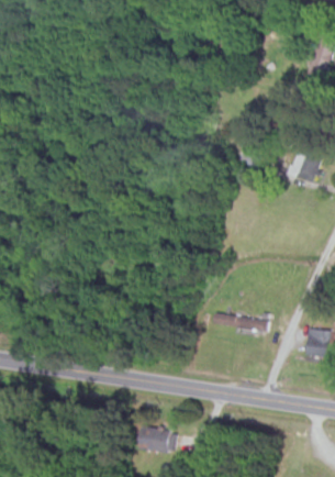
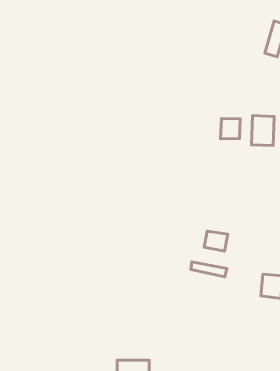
building: none -> [221,118,240,139]
building: none -> [204,231,228,251]

